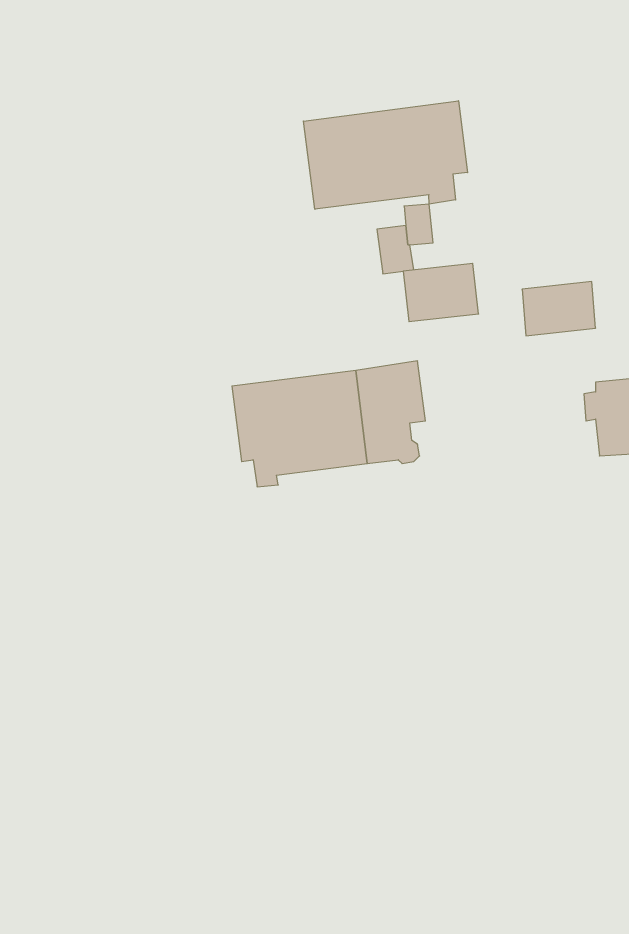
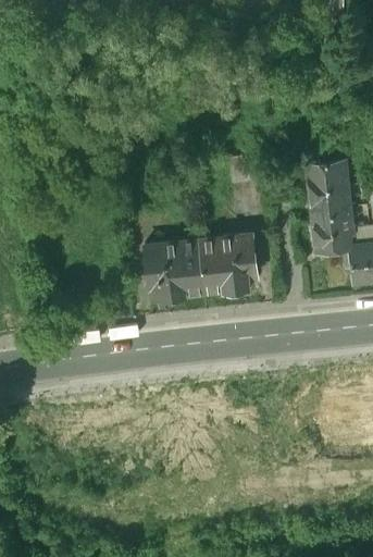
building: [303,101,468,209] -> none
building: [403,263,479,322] -> [307,159,349,191]
building: none -> [312,213,353,256]

